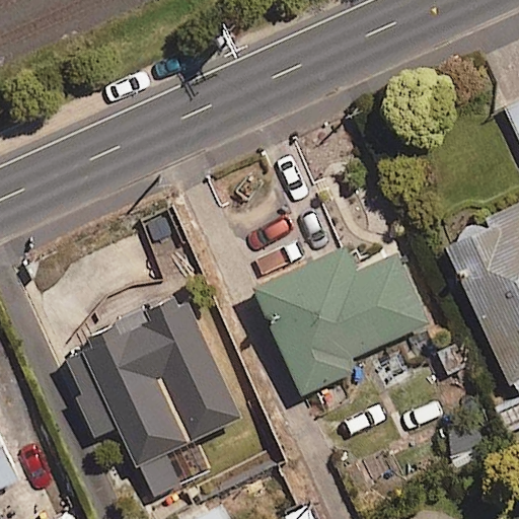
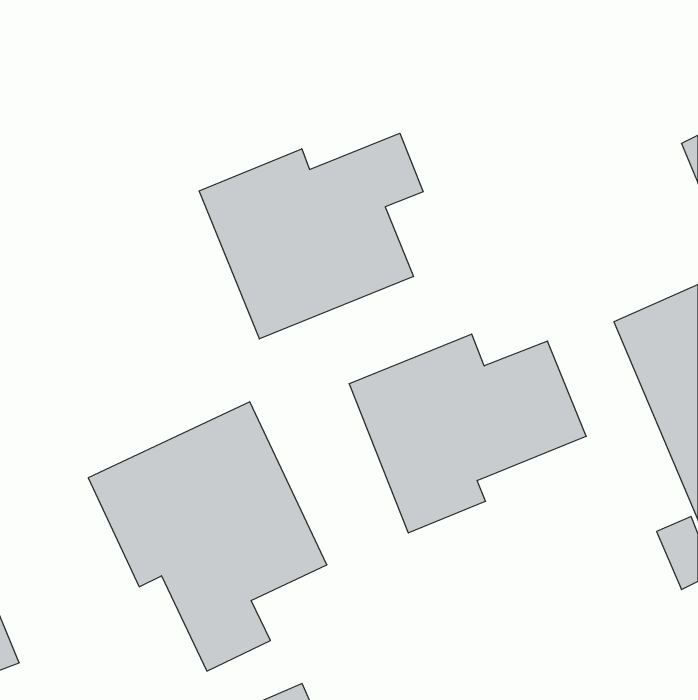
building: none -> [199,133,423,339]

